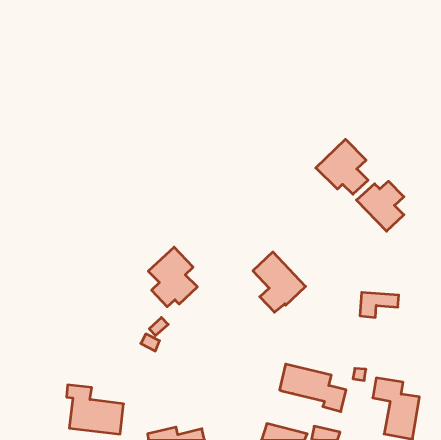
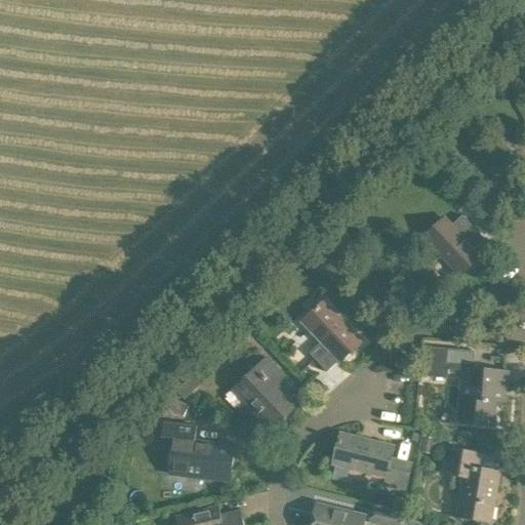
building: [316,139,368,194] -> none
building: [148,247,197,307] -> [236,359,294,430]
building: none -> [457,369,508,422]
building: [67,385,124,434] -> [166,422,234,481]

